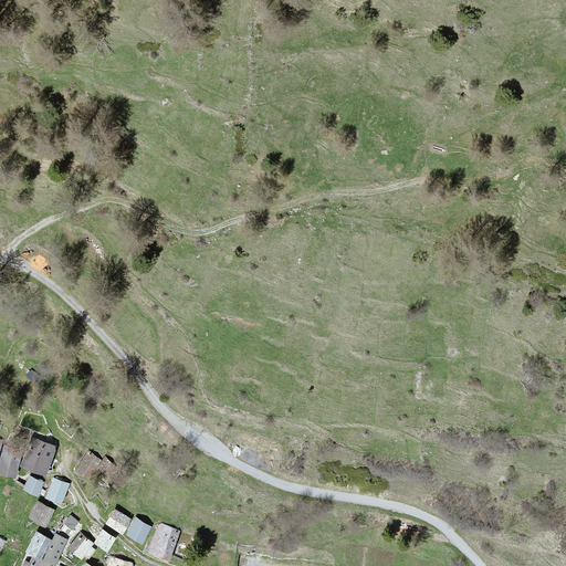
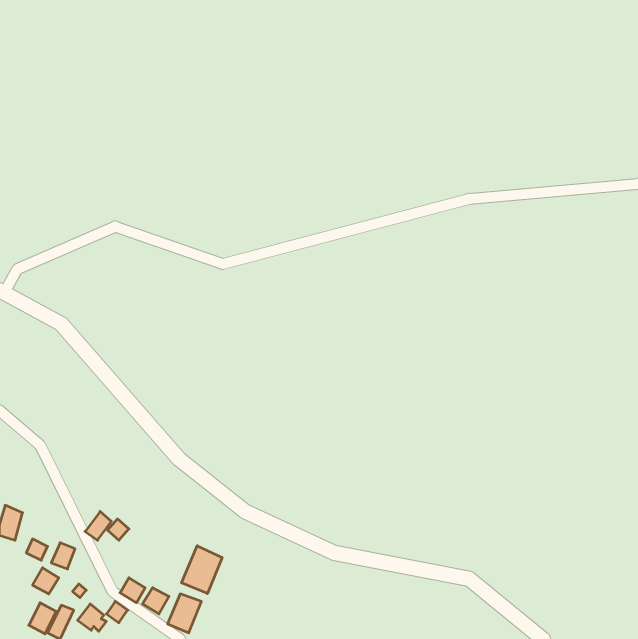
building: [21,440,54,475] -> none
building: none -> [182,546,222,594]

